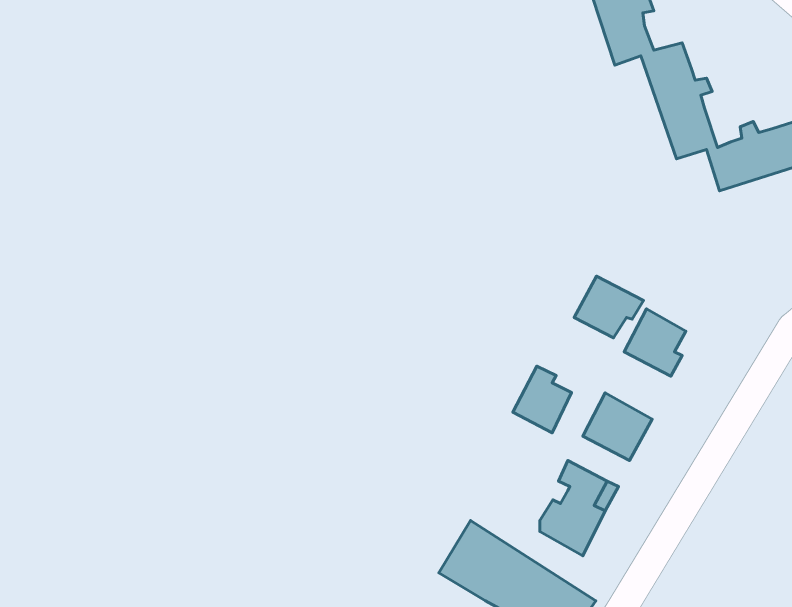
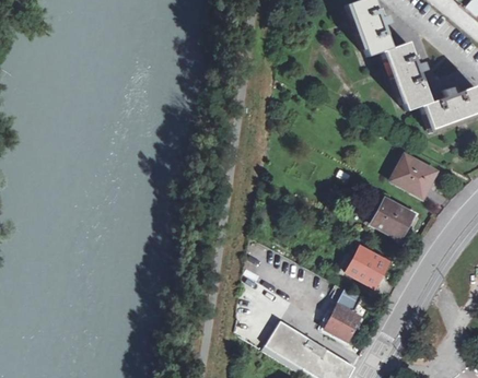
building: [574,276,643,338] -> [395,154,435,190]
building: [513,366,571,433] -> none

